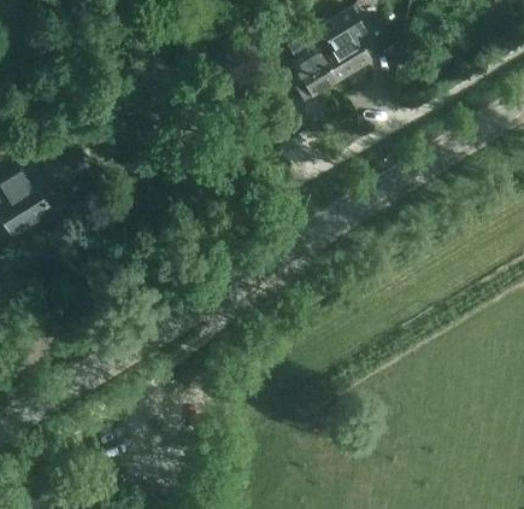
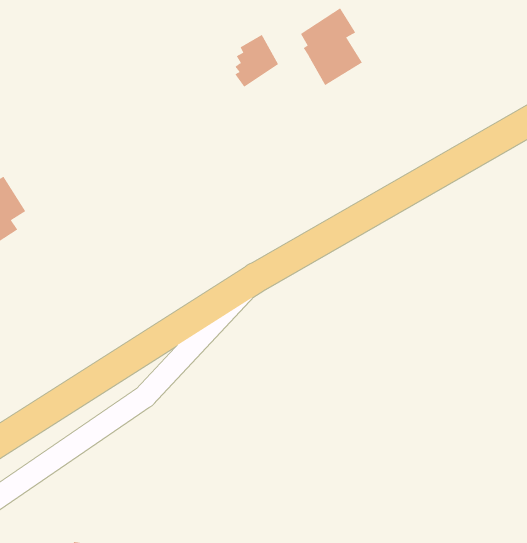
building: [293,53,334,103] -> [235,34,279,88]

